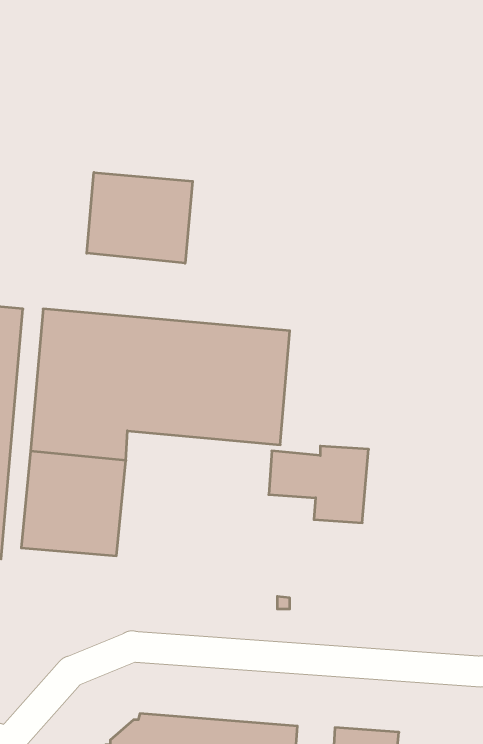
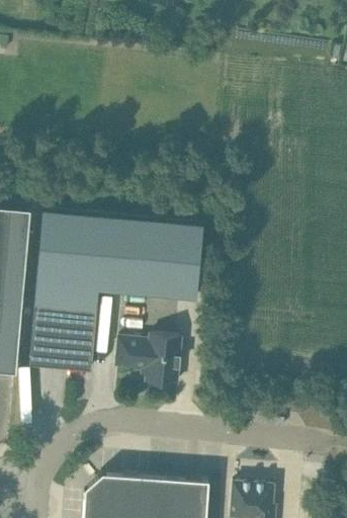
building: [87,172,193,263] -> none
building: [269,446,369,523] -> [116,337,181,386]

